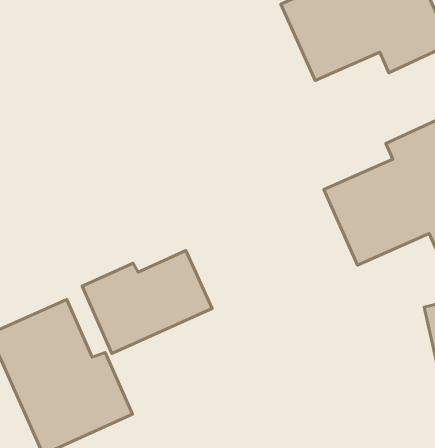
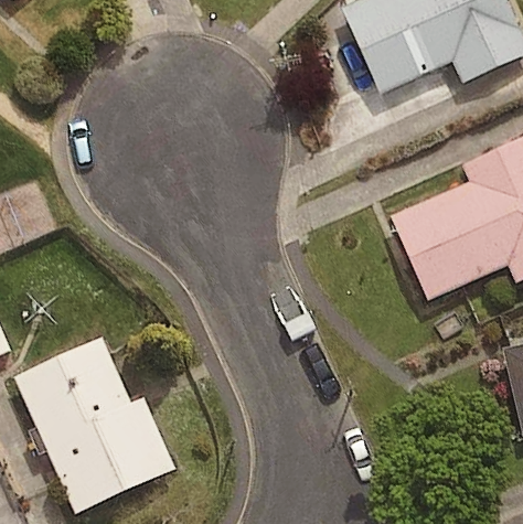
building: [82,250,212,353] -> none

